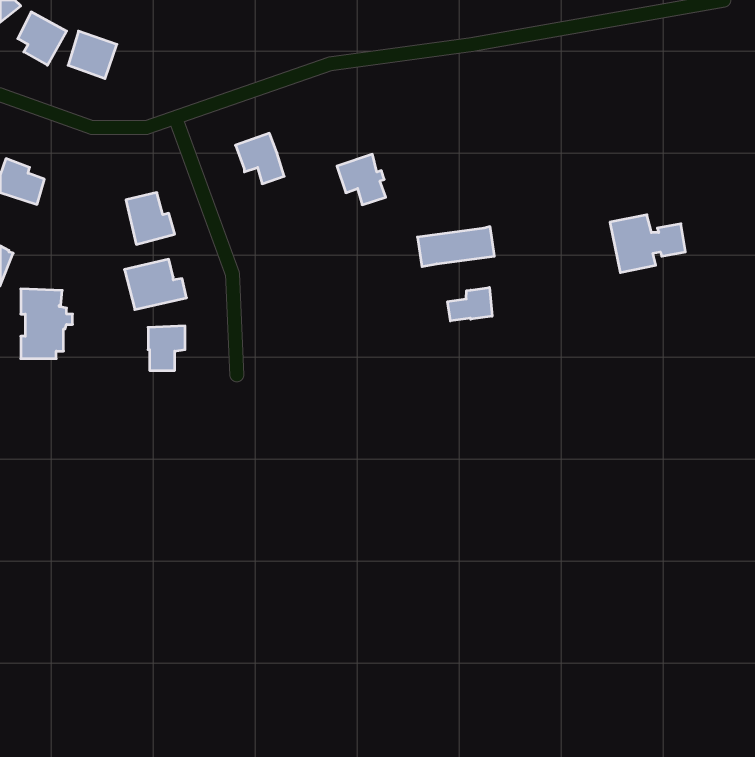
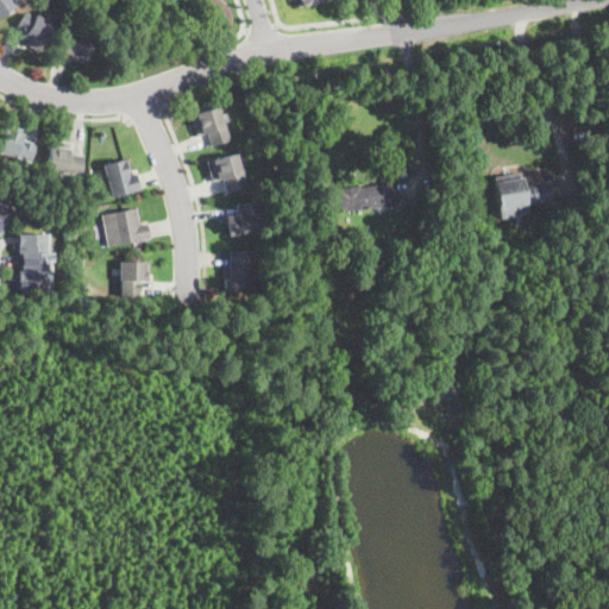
building: [337,154,386,205] -> [206,152,245,193]
building: none -> [46,140,84,180]
building: none -> [226,202,264,237]
building: [448,287,492,321] -> none
building: none -> [225,251,255,290]

